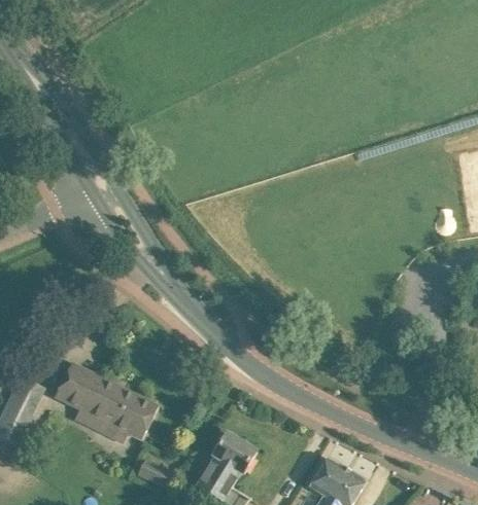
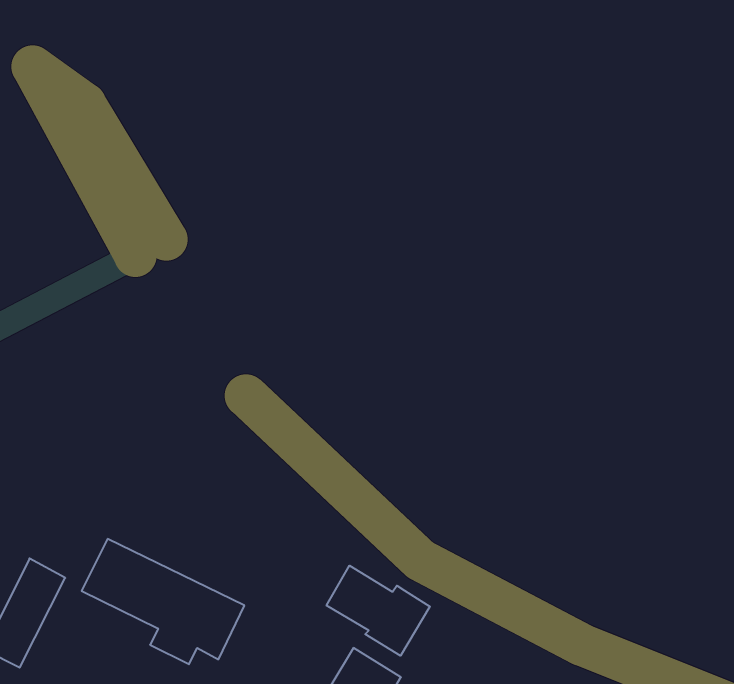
building: none -> [327,566,430,656]

